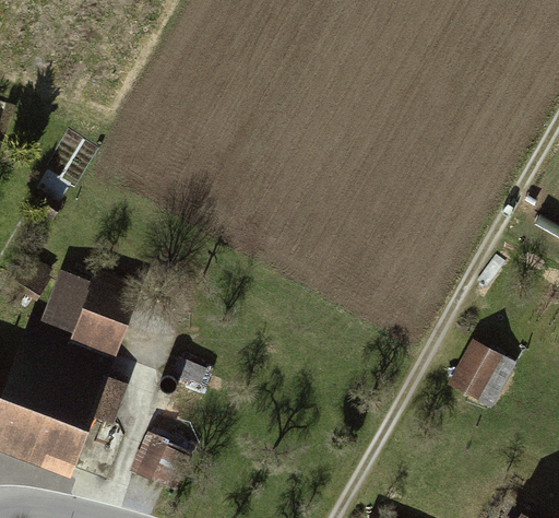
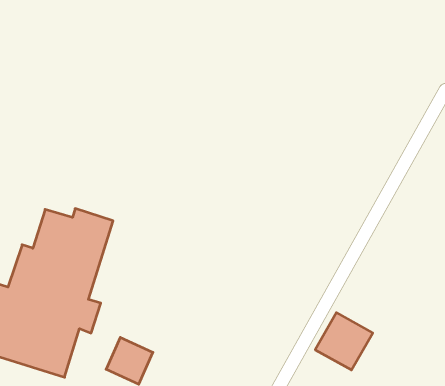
building: [444,340,515,411] -> [315,313,373,370]

